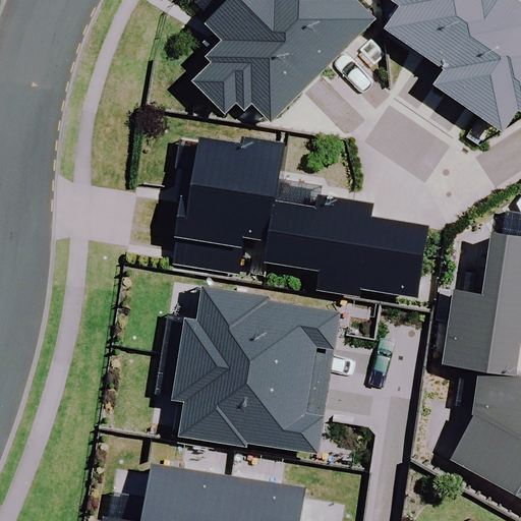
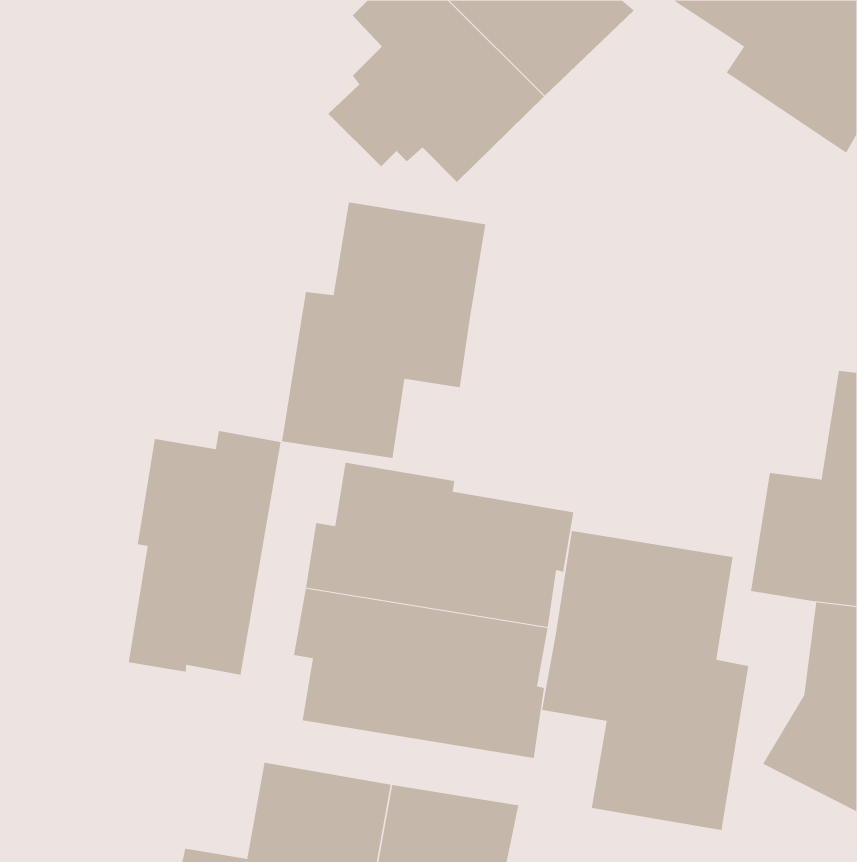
building: [269,192,430,297] -> none
building: none -> [128,430,281,675]
building: none -> [542,530,749,831]

